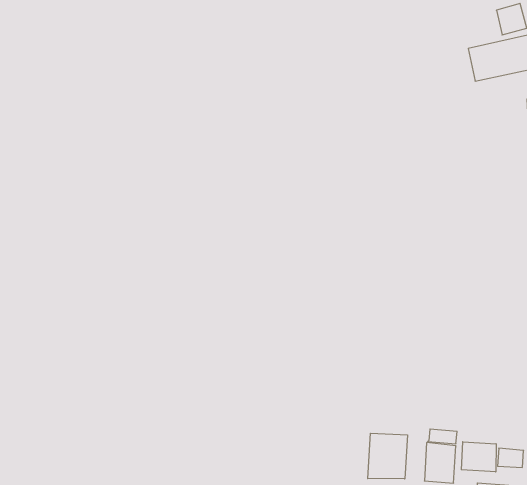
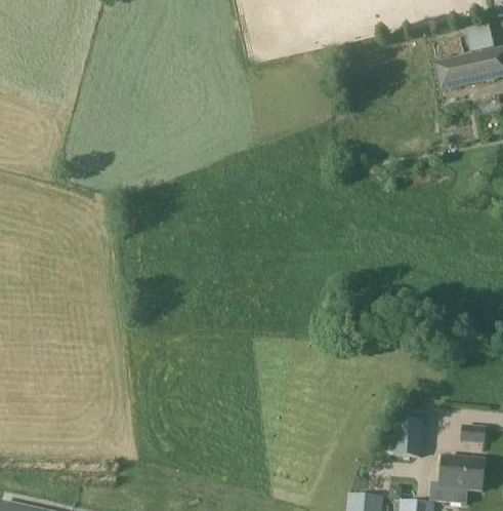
building: [368,433,407,479] -> none
building: [461,442,496,472] -> none

